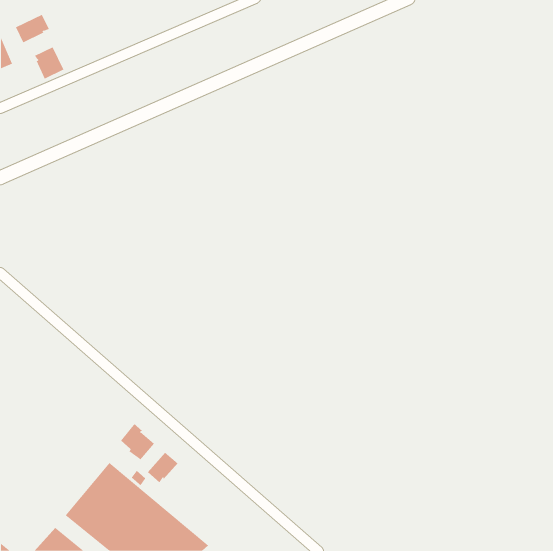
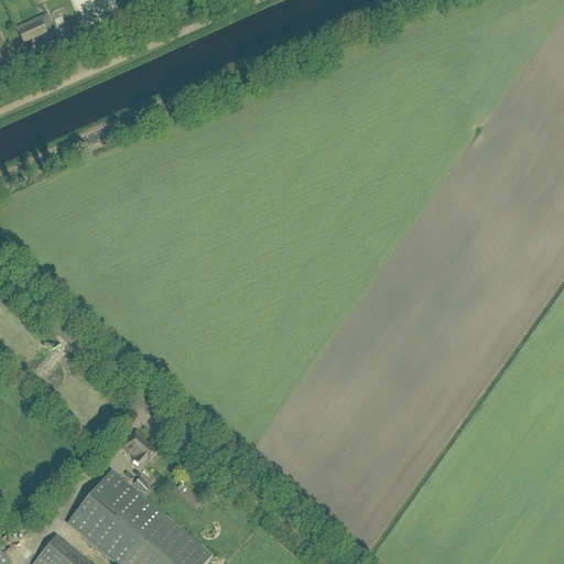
building: [34,47,64,79] -> none
building: [147,452,178,483] -> none

